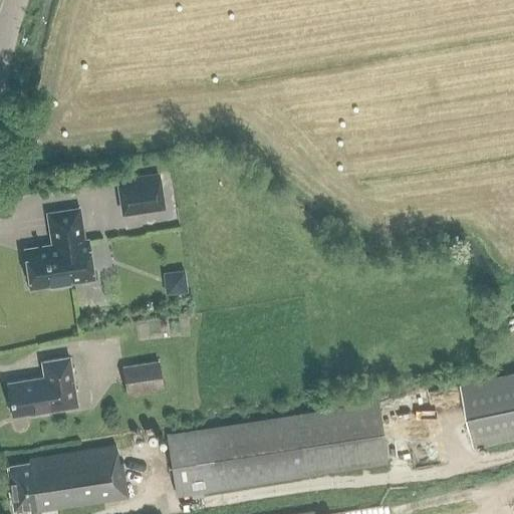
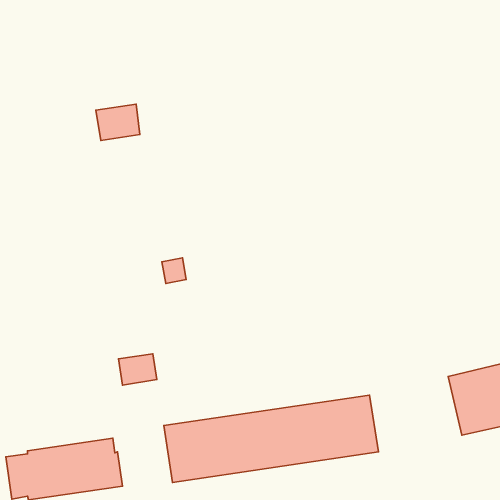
building: [118,177,164,214] -> [96,104,140,140]
building: [25,211,93,289] -> none
building: [7,358,77,417] -> none

